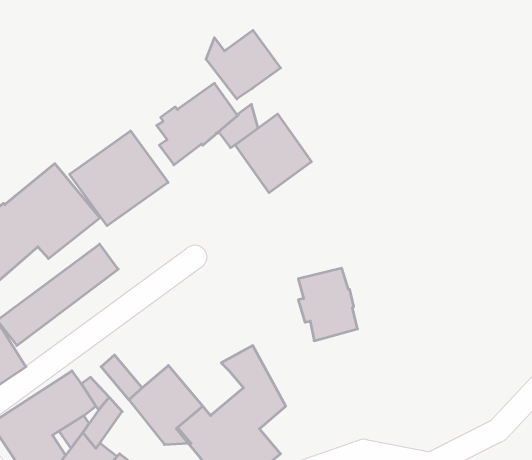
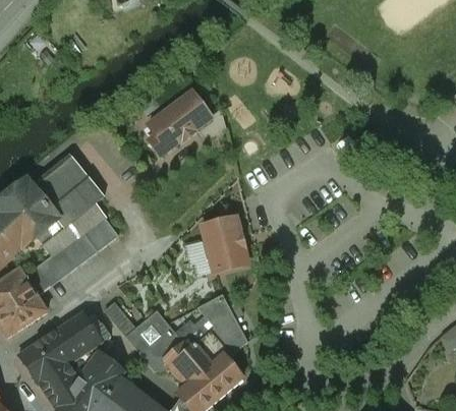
building: [206,30,281,99] -> none
building: [235,114,311,193] -> none
building: [70,131,168,226] -> none
building: [298,268,358,341] -> [202,218,247,274]

